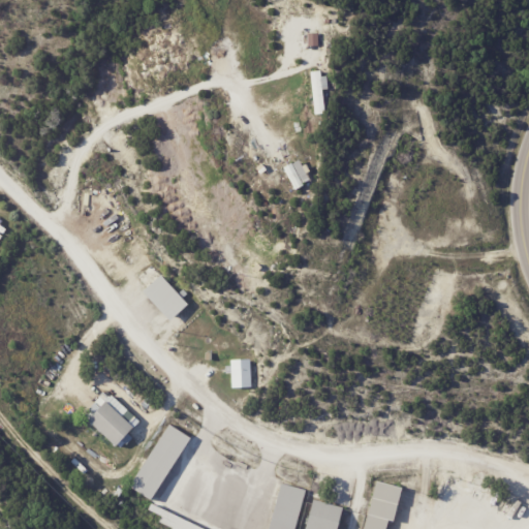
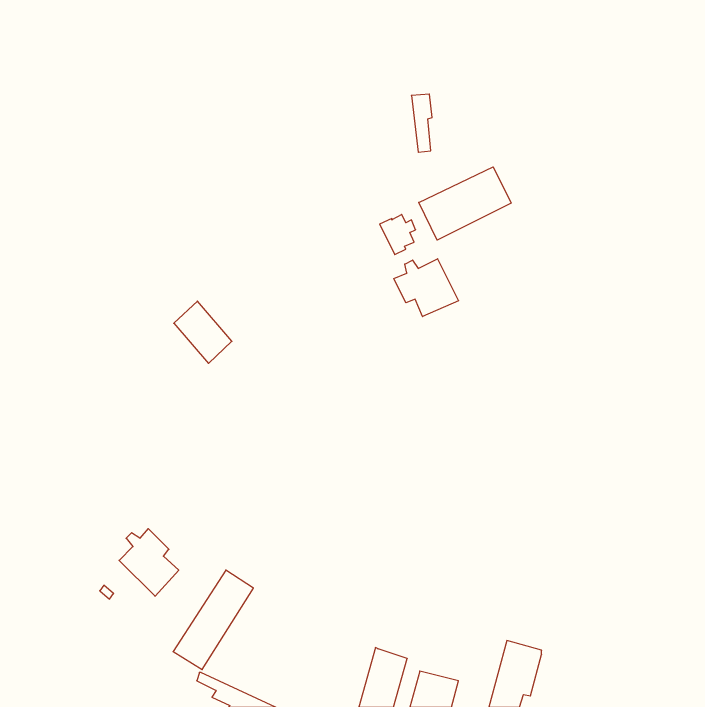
building: none -> [419,167,511,240]
building: none -> [394,259,459,317]
building: [146,275,189,321] -> [174,301,232,363]
building: [225,361,250,387] -> none

